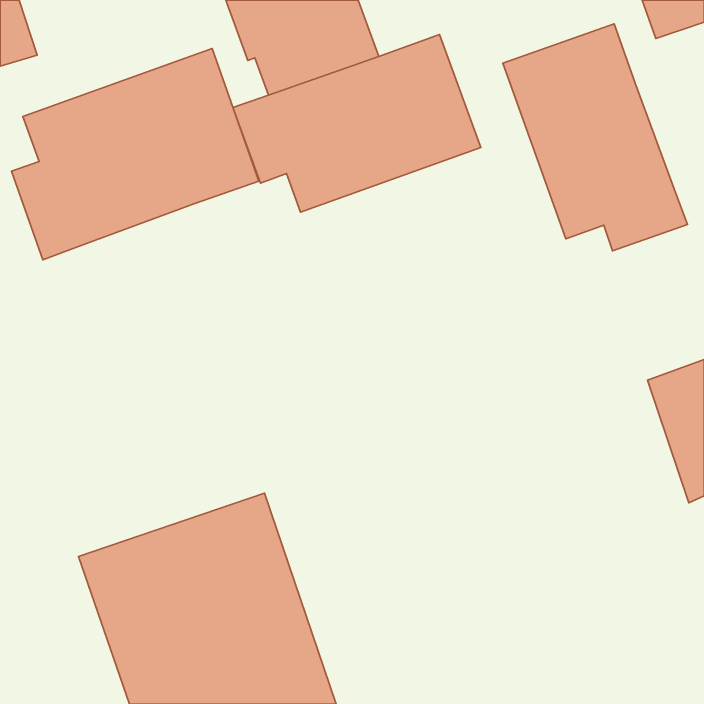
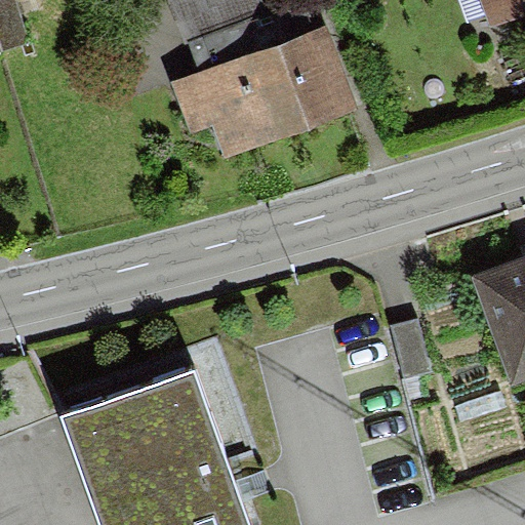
building: [503,24,687,251] -> none
building: [11,49,259,260] -> none

